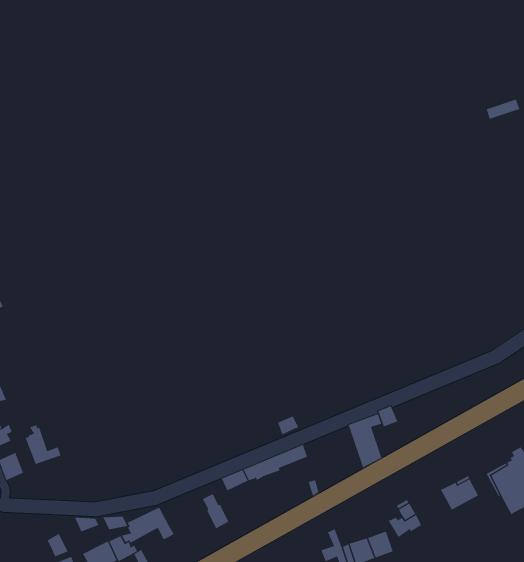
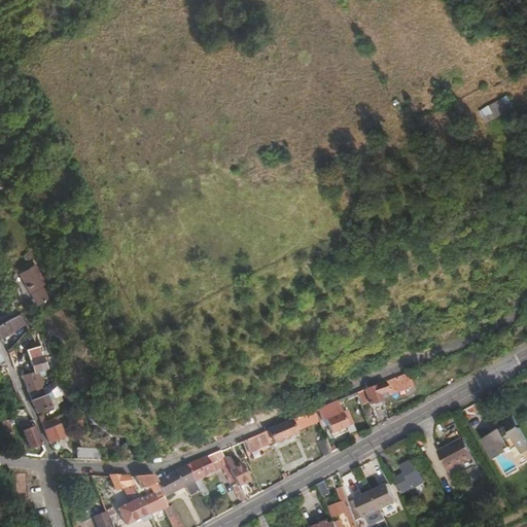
building: [25,424,61,465] -> none
building: none -> [316,398,355,436]
building: none -> [186,451,227,482]

